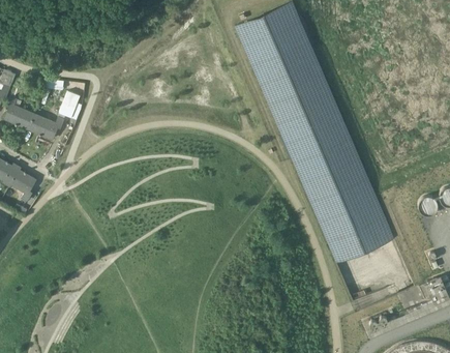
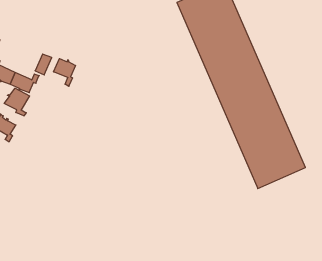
building: none -> [54,59,75,86]
building: none -> [4,88,30,116]

